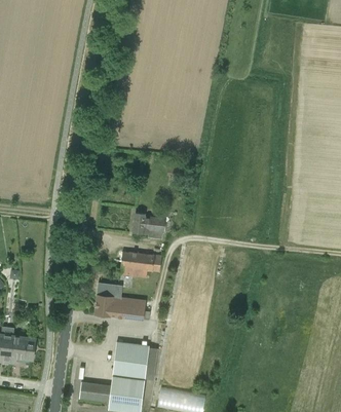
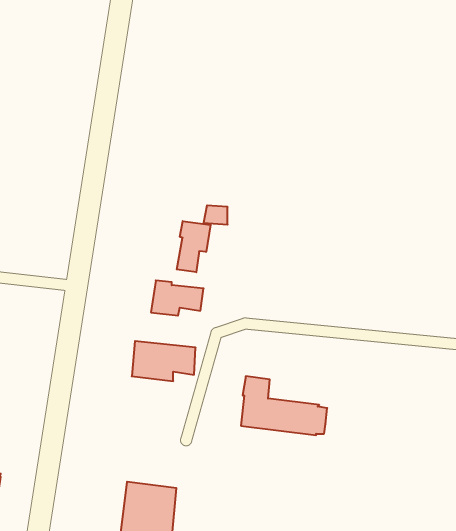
building: none -> [177,221,211,272]
building: [94,283,150,321] -> [241,376,327,435]

